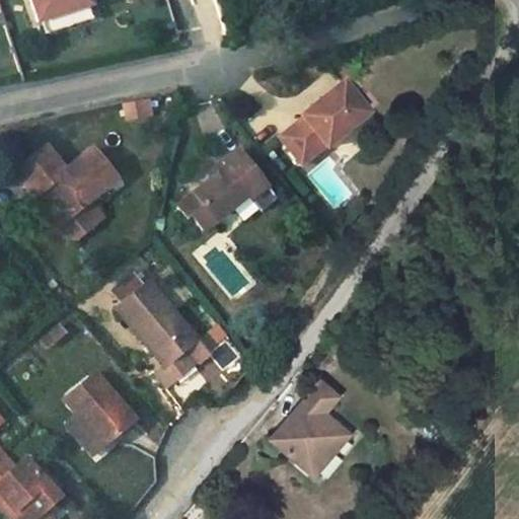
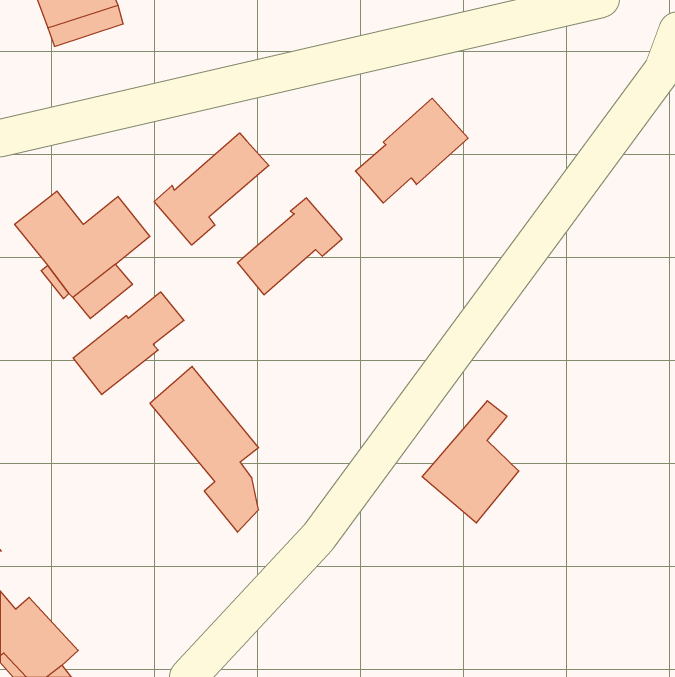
building: none -> [154,133,269,245]
building: none -> [73,292,184,395]
building: [64,372,135,445] -> none
building: [278,381,352,474] -> [422,401,519,523]

